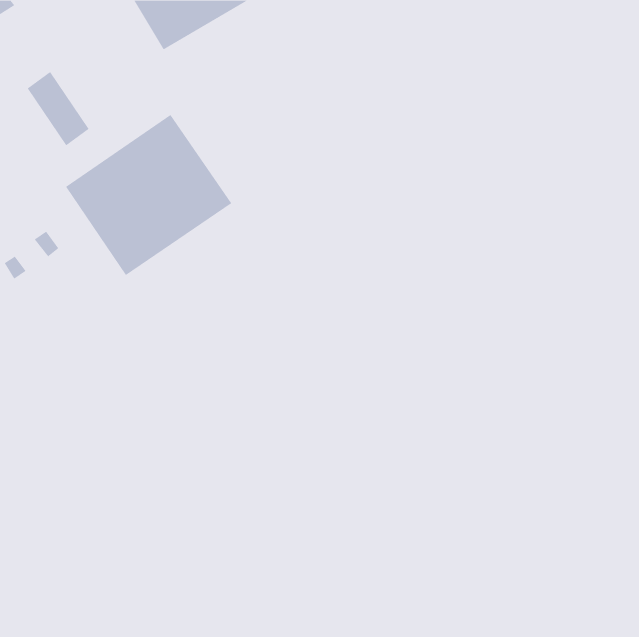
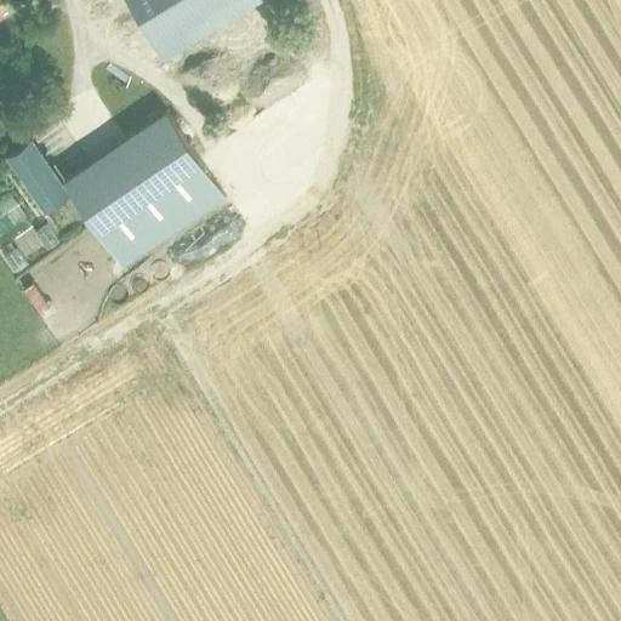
building: [27,71,90,146] -> [6,143,67,216]

